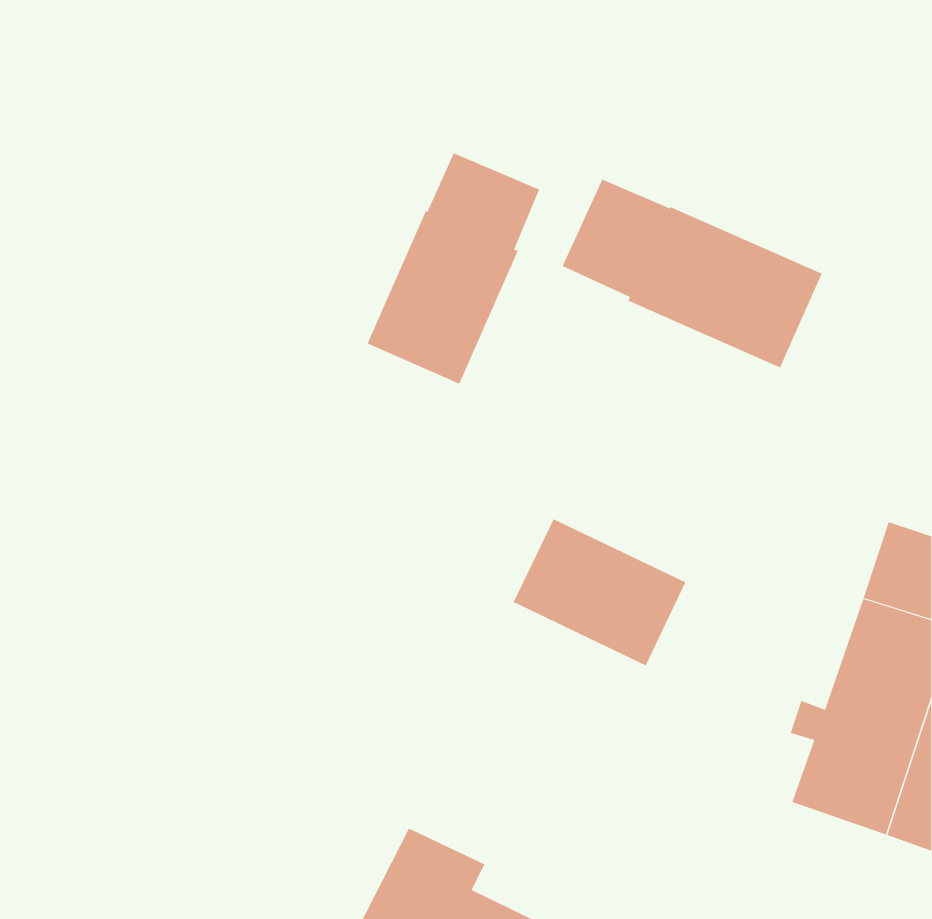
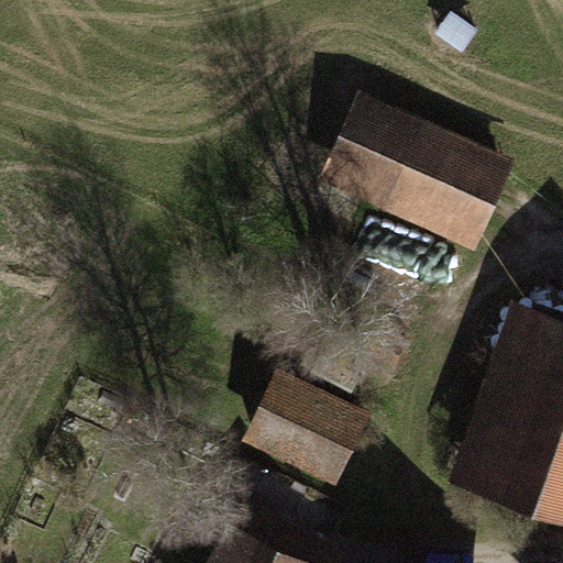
building: [367,153,540,384] -> none
building: [513,518,686,666] -> [252,384,356,473]

